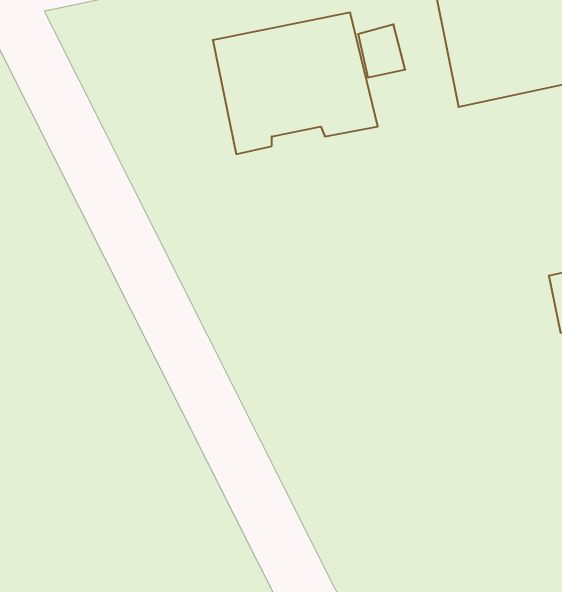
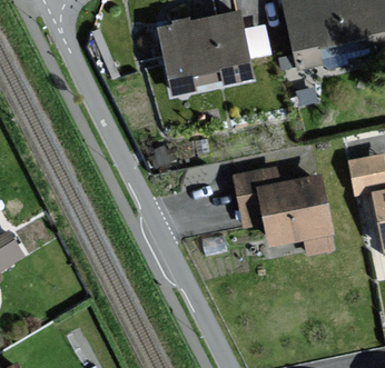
building: none -> [234,168,330,252]

